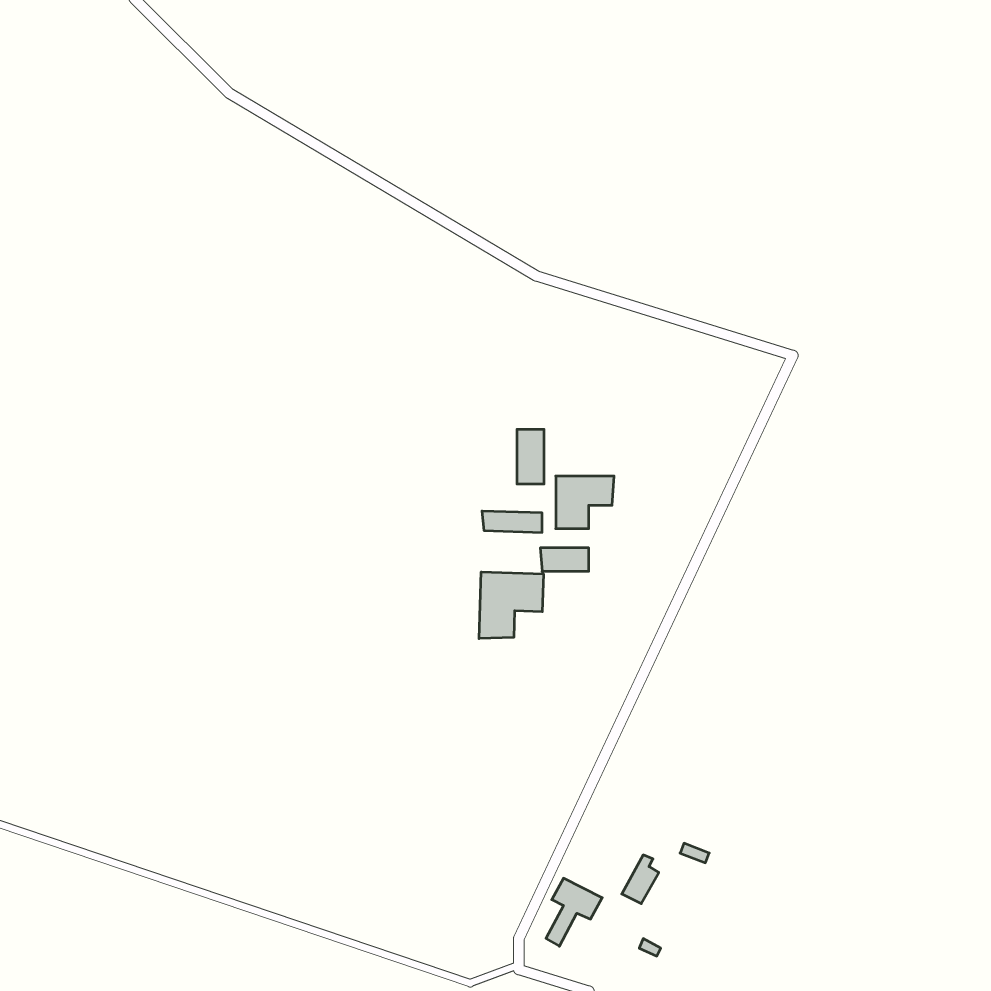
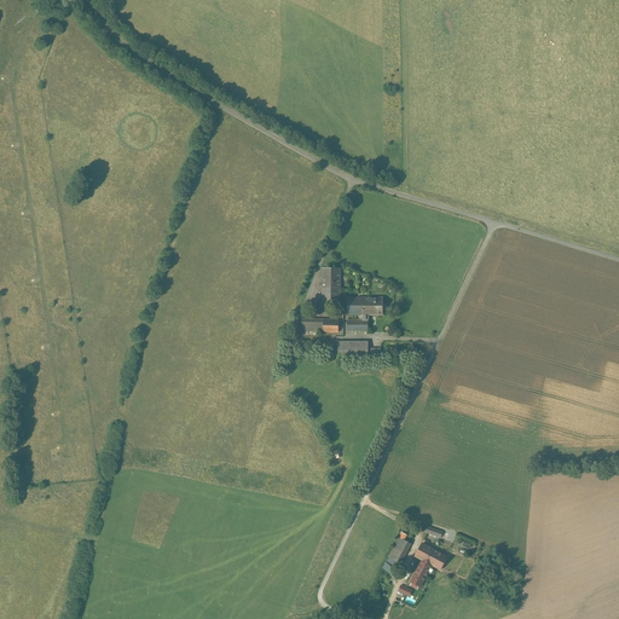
building: [479,572,543,639] -> none
building: [546,878,602,946] -> [411,543,446,585]

